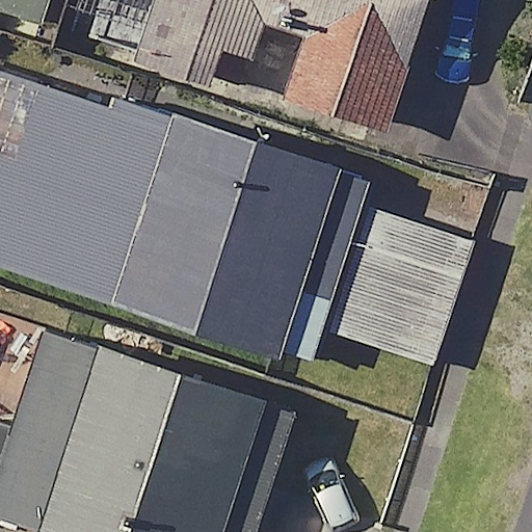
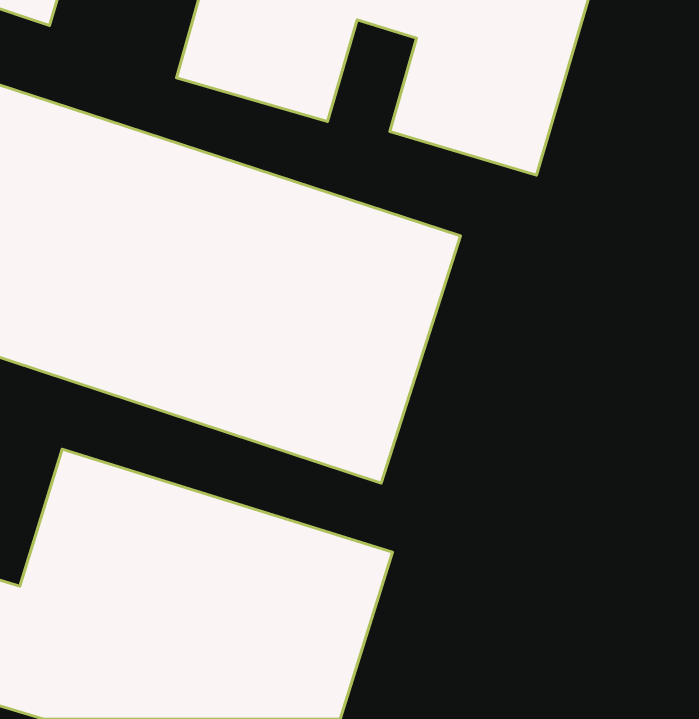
building: [326,207,471,363] -> none

